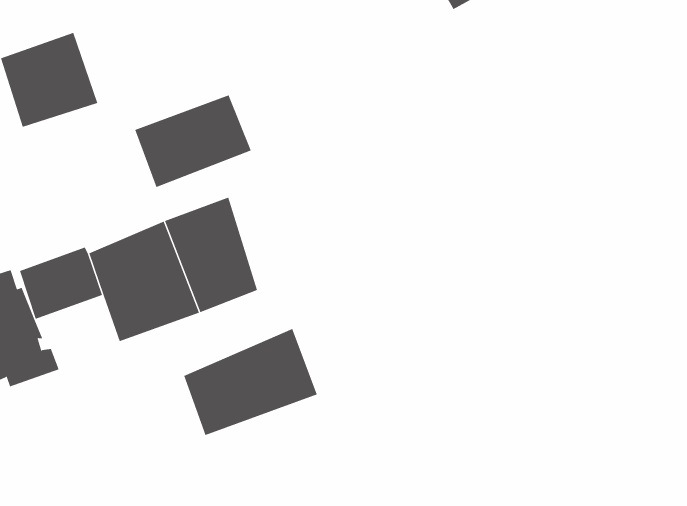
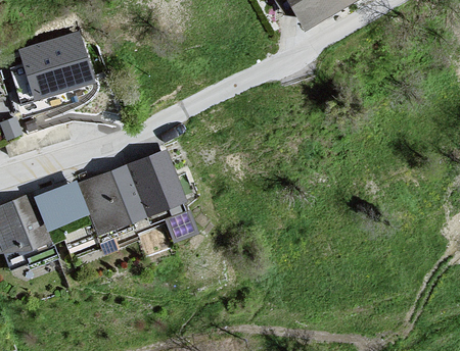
building: [134,94,251,188] -> none
building: [183,328,317,436] -> none

